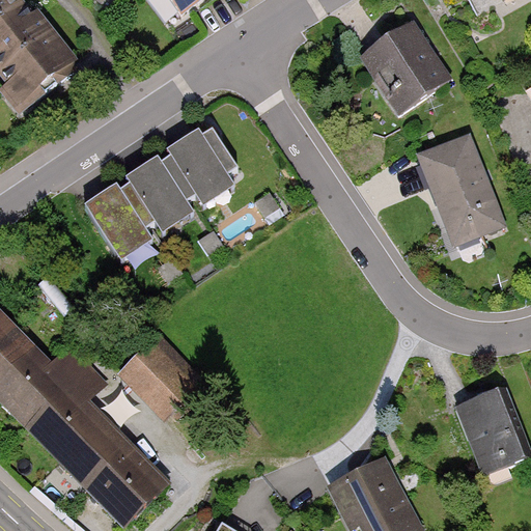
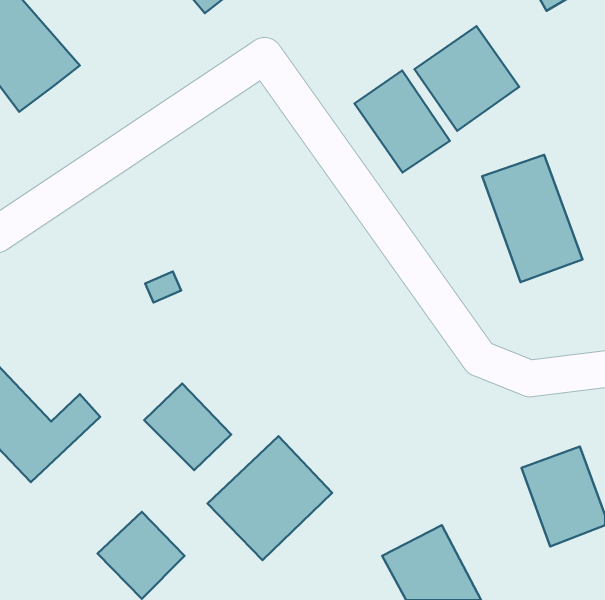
building: none -> [355,71,450,173]
building: [84,131,225,247] -> none
building: [27,363,123,482] -> none
building: none -> [208,436,332,560]

